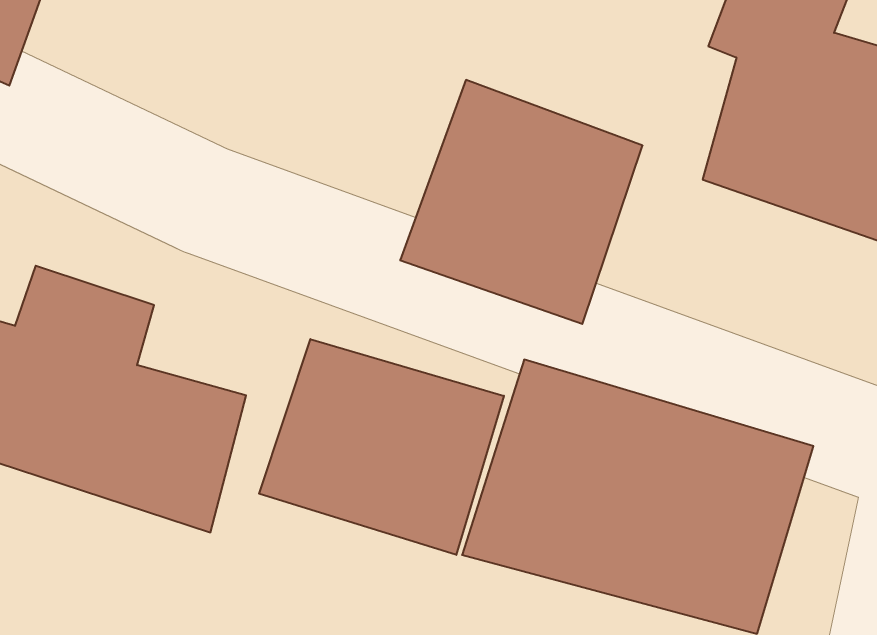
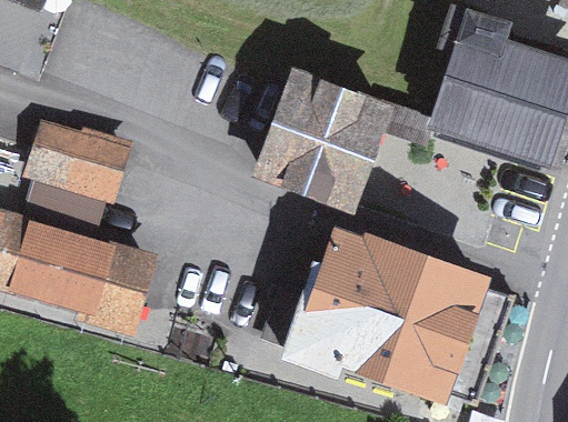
building: none -> [26,123,133,204]
building: [259,339,504,555] -> none

